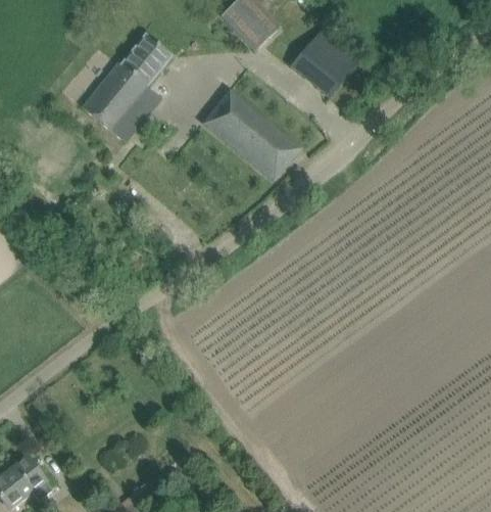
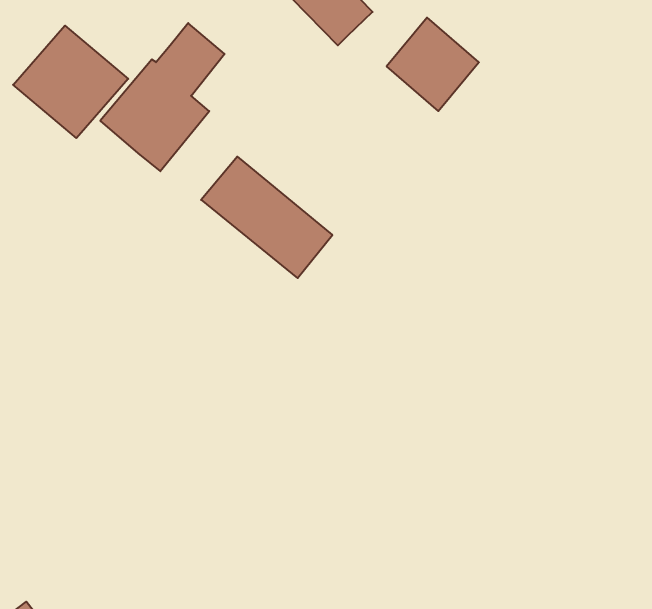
building: none -> [13,26,128,138]
building: [204,90,300,179] -> [201,157,332,278]

